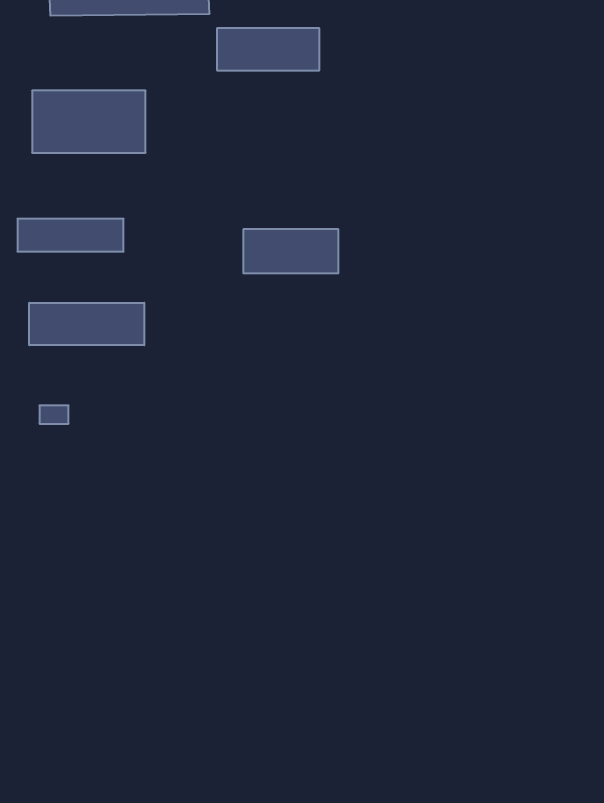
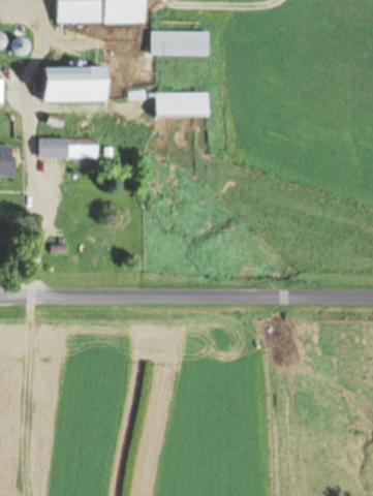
building: [243,229,338,273] -> [156,92,210,117]
building: [29,303,144,345] -> none

